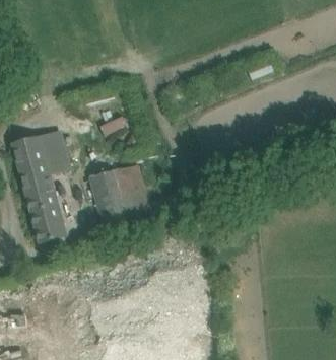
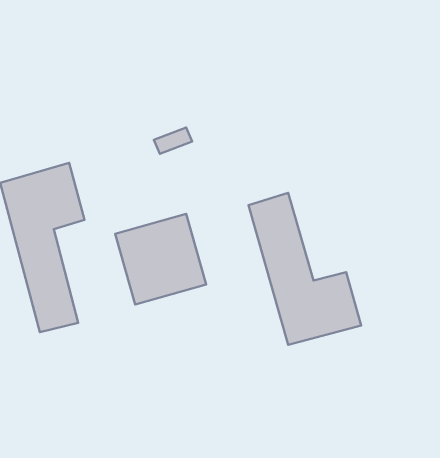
building: none -> [249,193,361,345]

